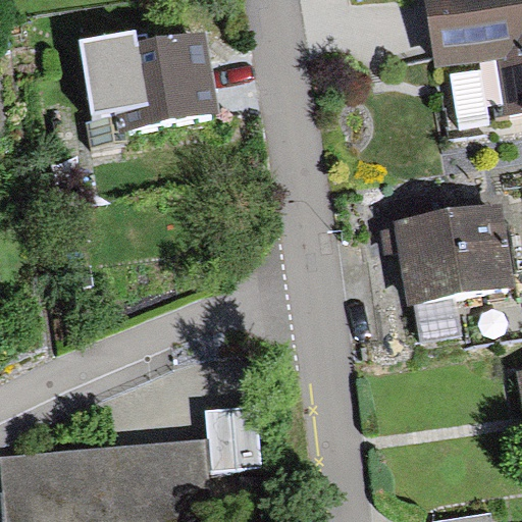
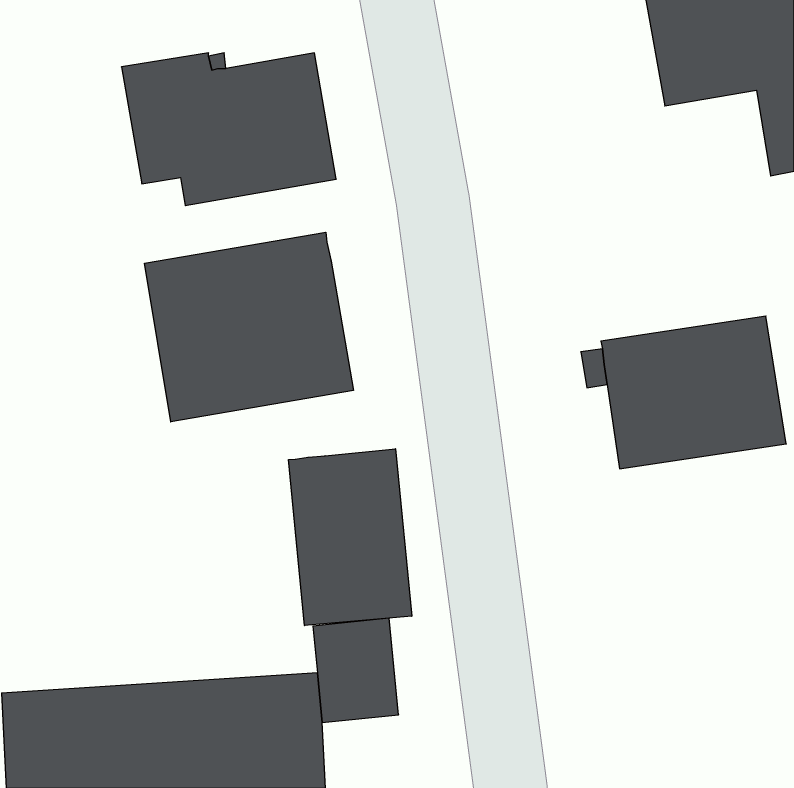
building: none -> [145,232,353,422]
building: none -> [289,449,412,626]

